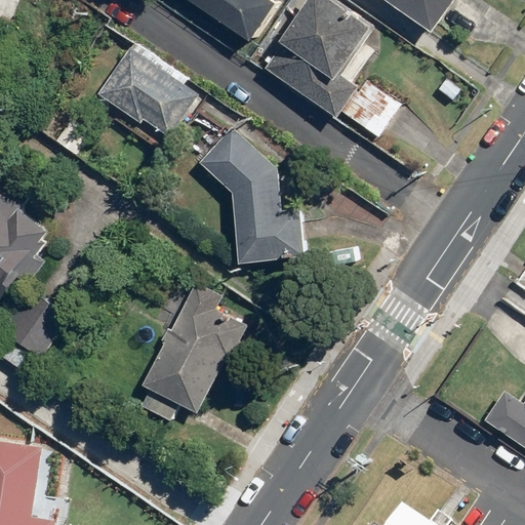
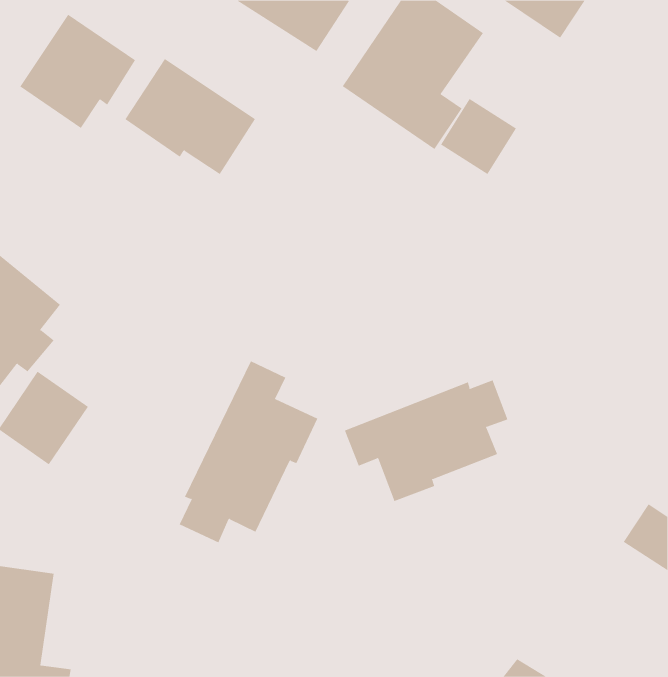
building: none -> [20,14,136,129]
building: [199,124,307,261] -> none
building: none -> [344,379,508,502]

